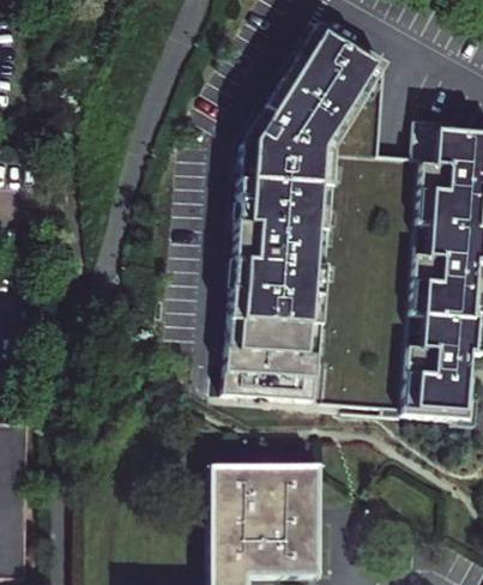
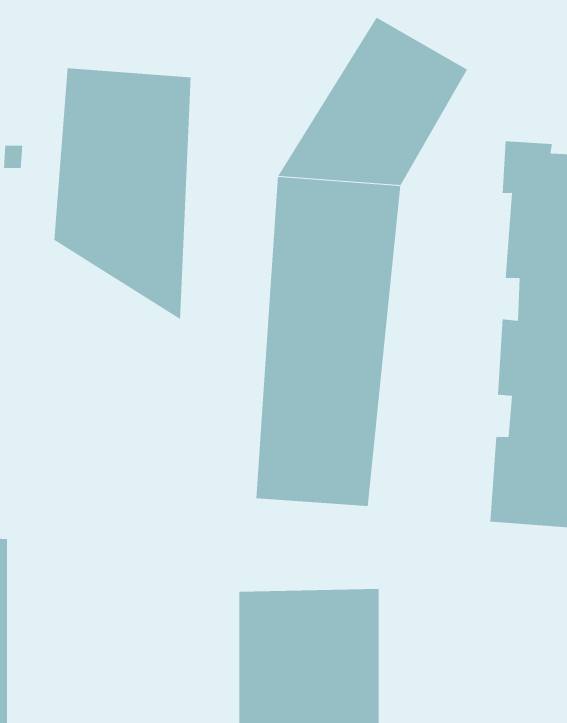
building: none -> [54,68,191,320]

